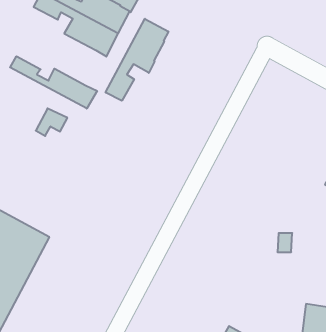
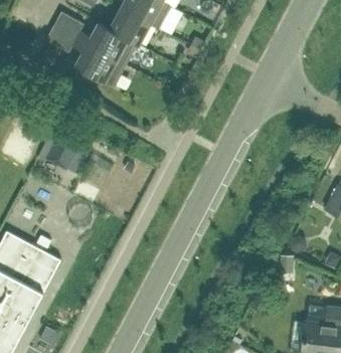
building: [106,19,168,101] -> none
building: [10,56,97,109] -> none

